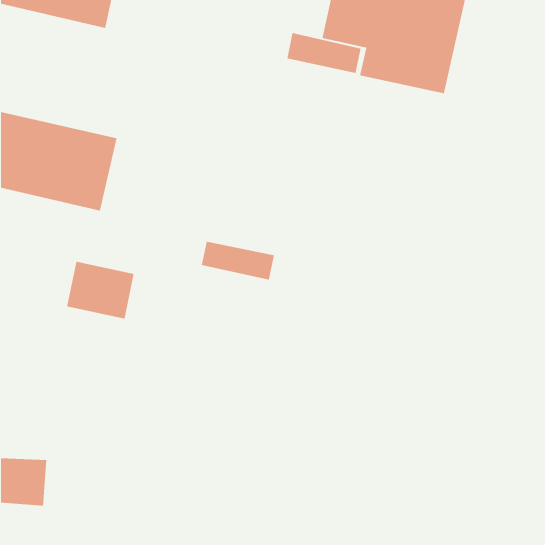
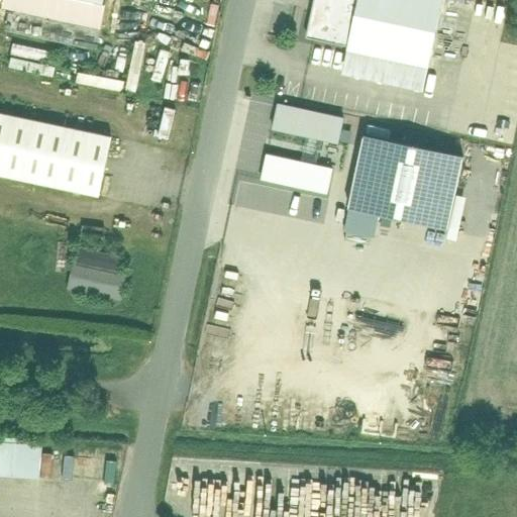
building: [287,32,361,74] -> [272,103,342,142]
building: none -> [343,136,461,236]
building: [201,241,275,280] -> [262,156,331,193]

